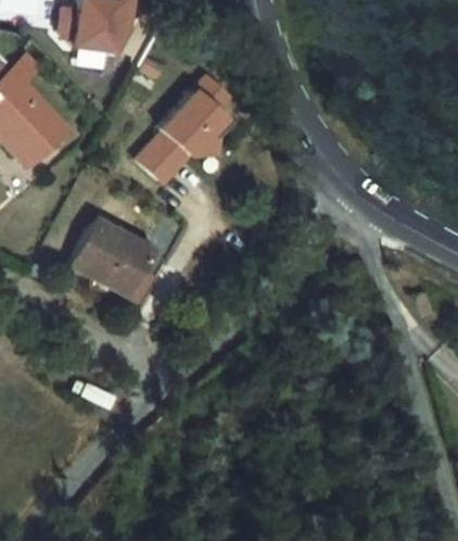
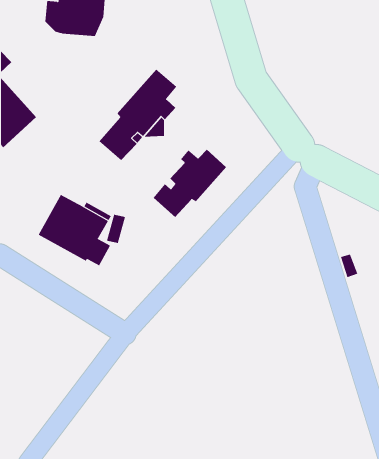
building: none -> [153,149,227,218]

